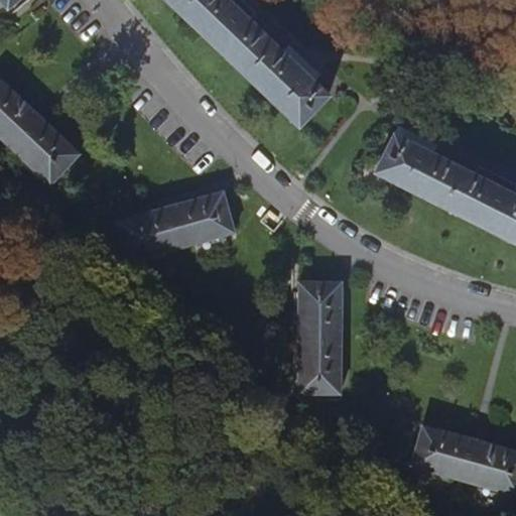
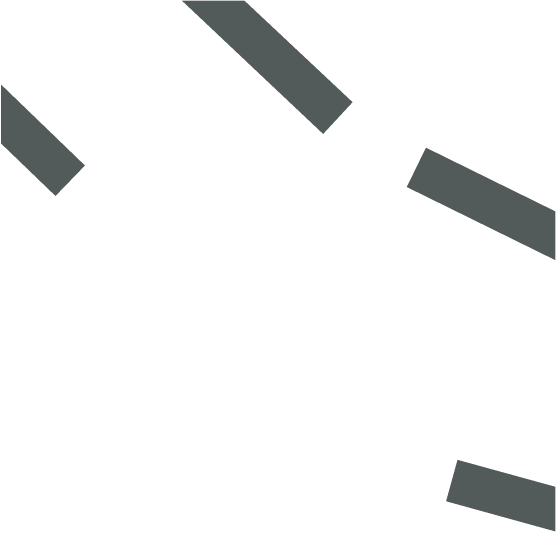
building: [117,192,234,260] -> none
building: [298,282,341,392] -> none

